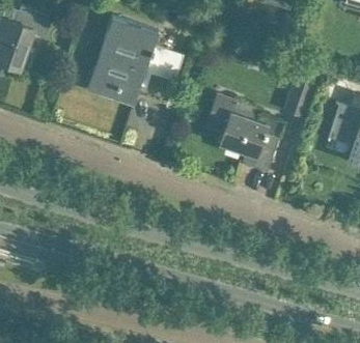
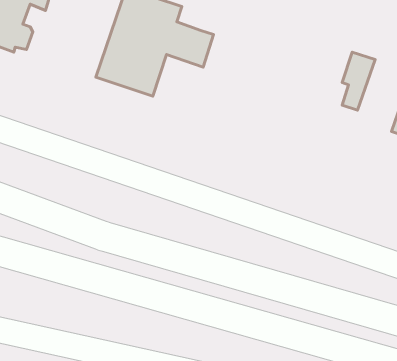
building: [205,95,285,173] -> none

